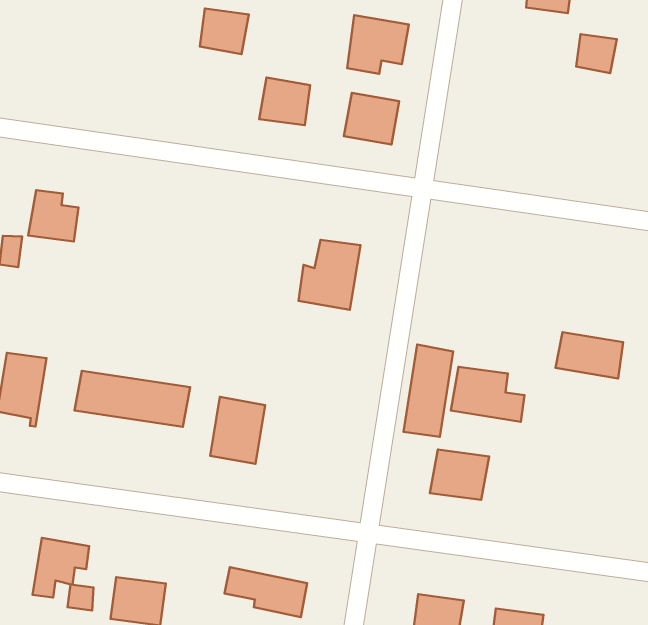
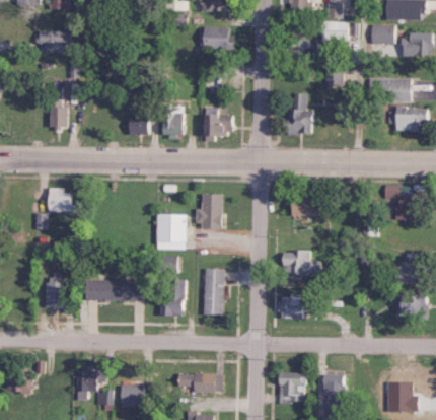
building: [200,8,249,54] -> [127,114,150,135]
building: [347,15,409,74] -> none
building: none -> [49,99,66,127]
building: none -> [288,93,313,135]
building: none -> [156,214,187,250]
building: [556,332,623,378] -> [294,196,328,216]
building: [404,345,453,437] -> [203,268,223,314]

